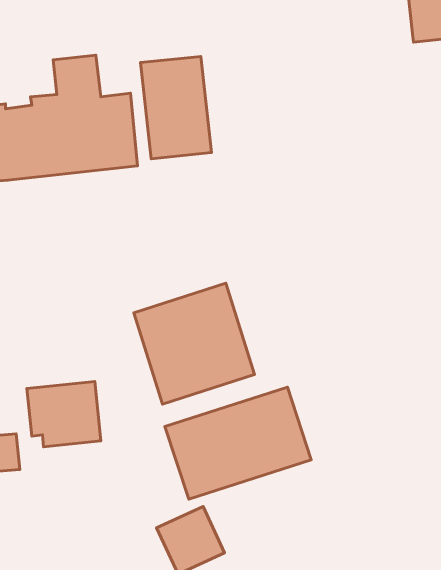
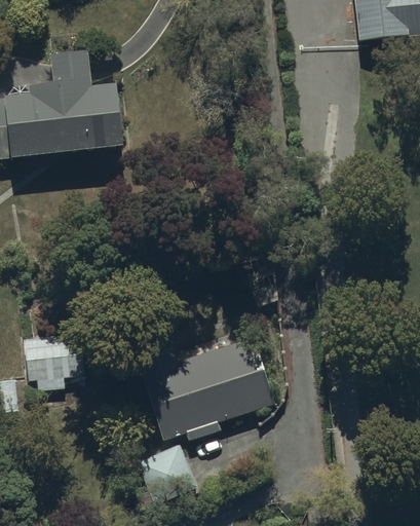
building: [141,56,211,159] -> none
building: [134,283,255,404] -> none

